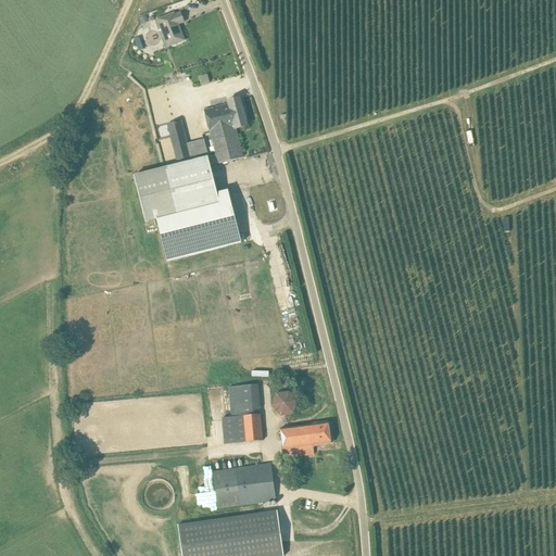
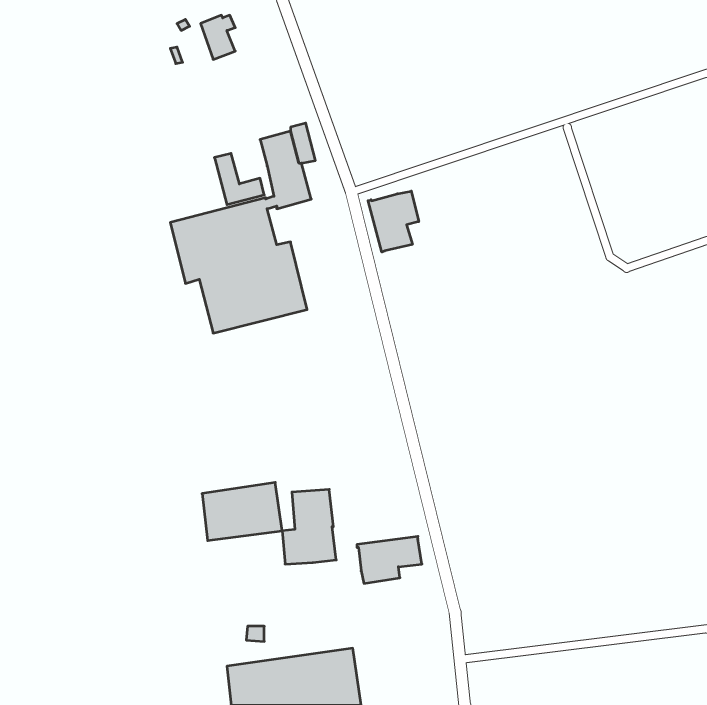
building: none -> [368,191,419,252]
building: [271,390,299,416] -> none
building: [213,463,276,508] -> [202,482,282,540]

